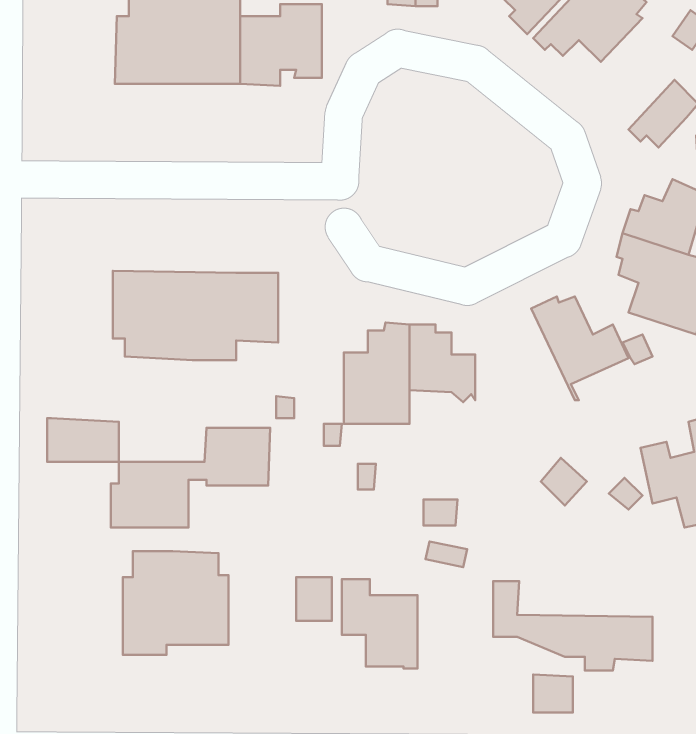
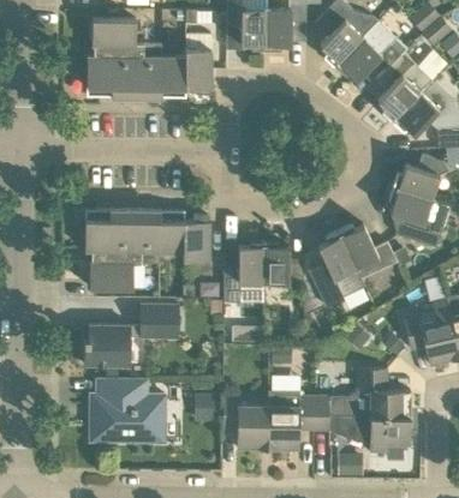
building: none -> [377,58,424,125]
building: none -> [185,216,210,260]
building: none -> [304,233,364,316]
building: [47,418,119,462] -> [90,262,133,288]
building: none -> [329,368,411,419]
building: none -> [269,392,315,451]

